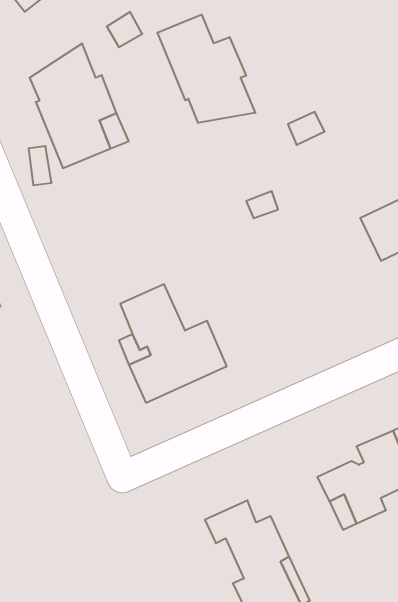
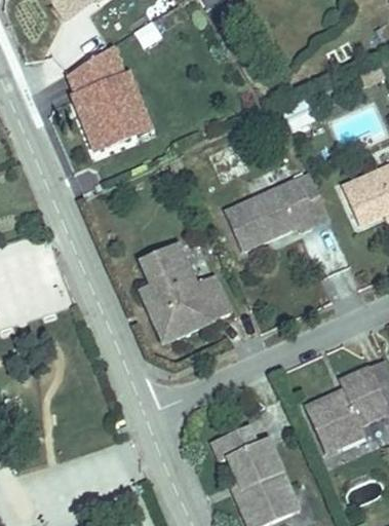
building: [158,15,255,123] -> none
building: none -> [226,175,328,251]

